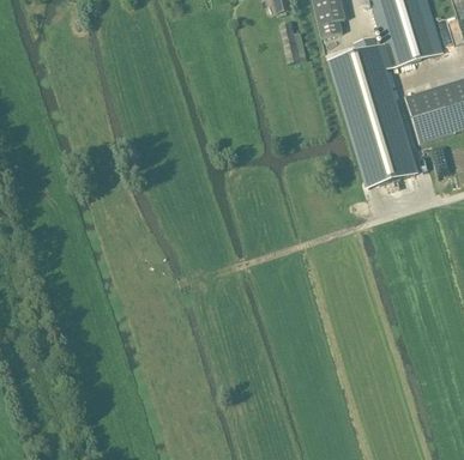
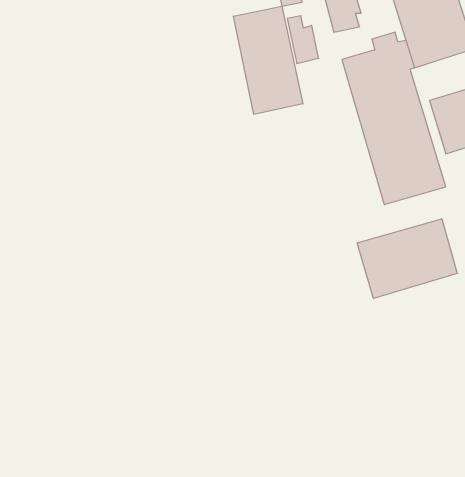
building: none -> [234,6,303,114]
building: none -> [357,219,457,299]

